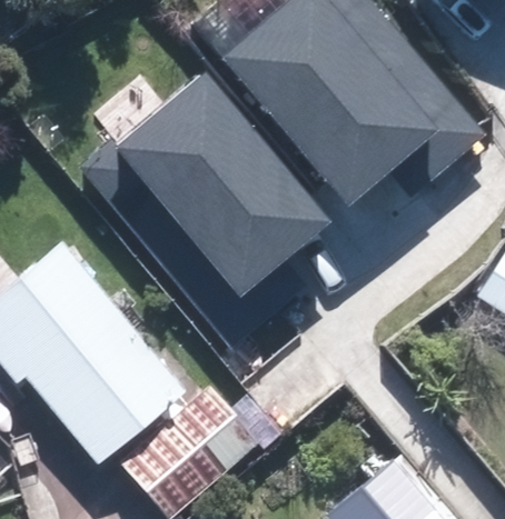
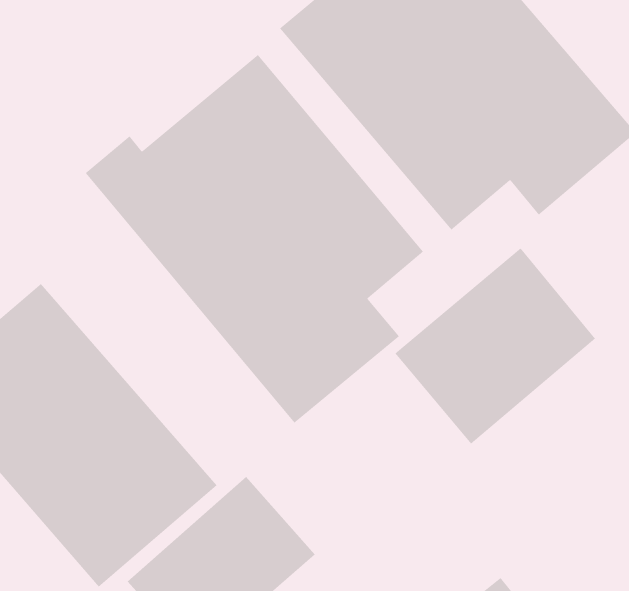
building: none -> [395,247,596,445]

